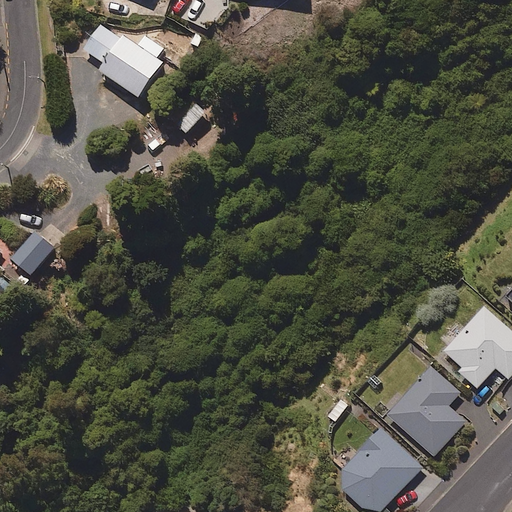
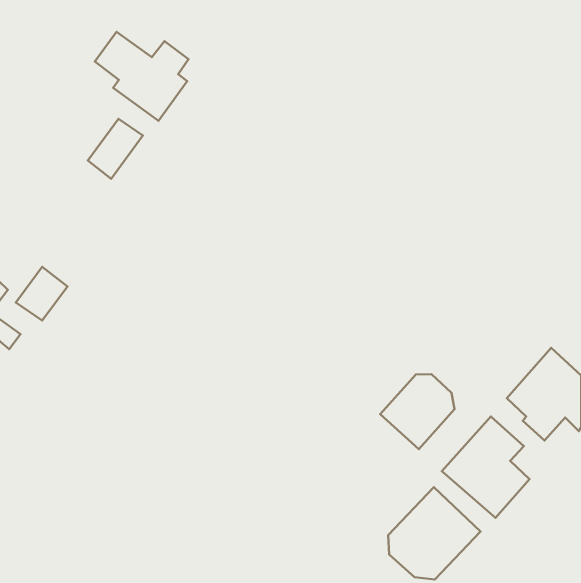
building: none -> [88,119,143,179]
building: none -> [380,374,455,449]

